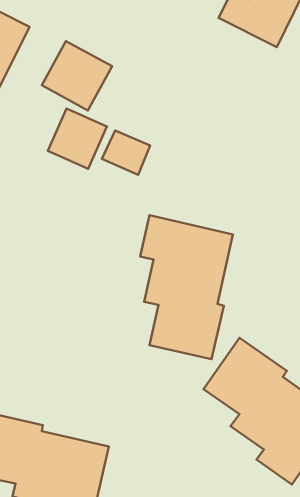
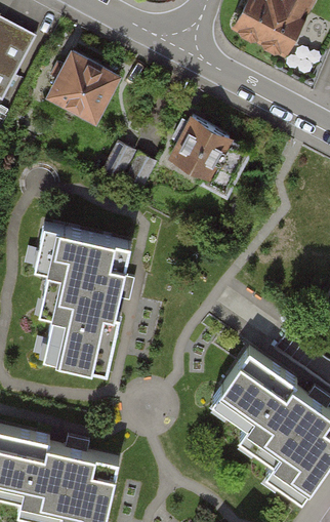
building: none -> [170,119,248,189]
building: [48,109,107,169] -> none
building: [140,215,233,359] -> [33,229,127,375]

